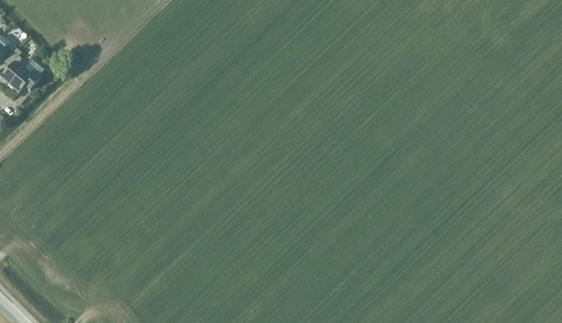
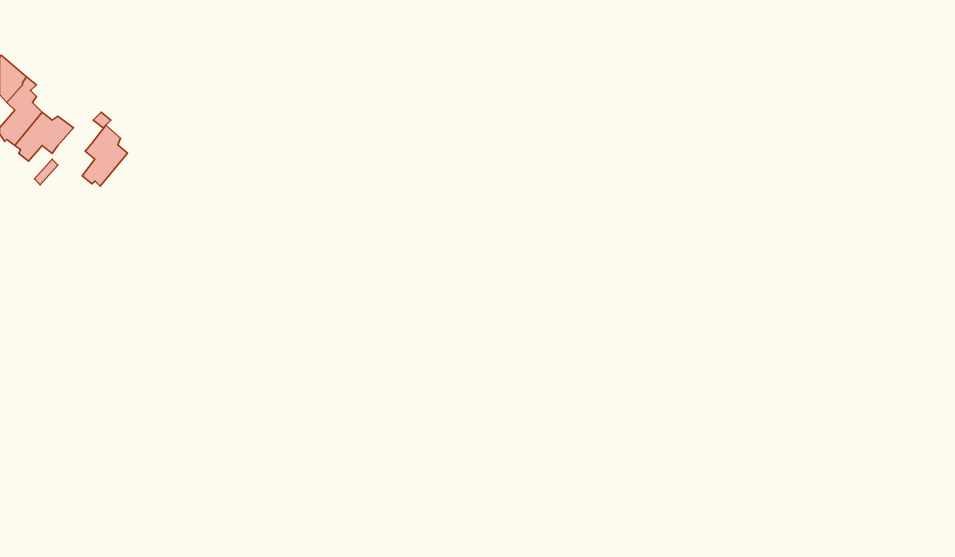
building: none -> [82,125,128,186]

